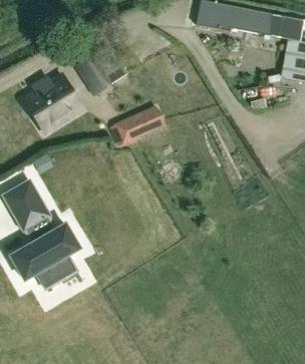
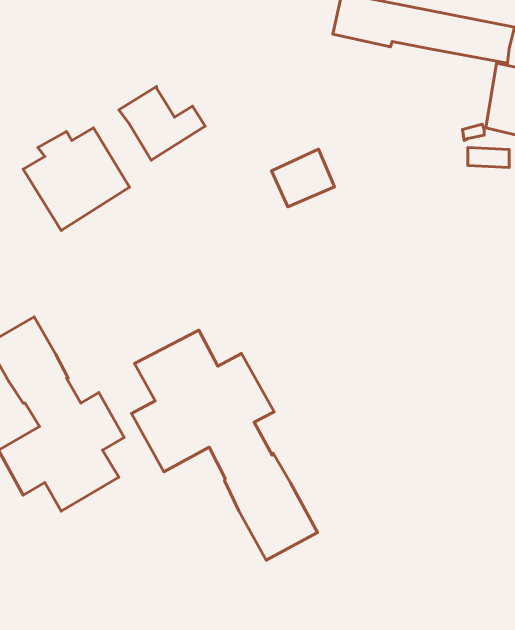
building: [113,110,148,142] -> [272,149,335,207]
building: none -> [131,330,318,560]

